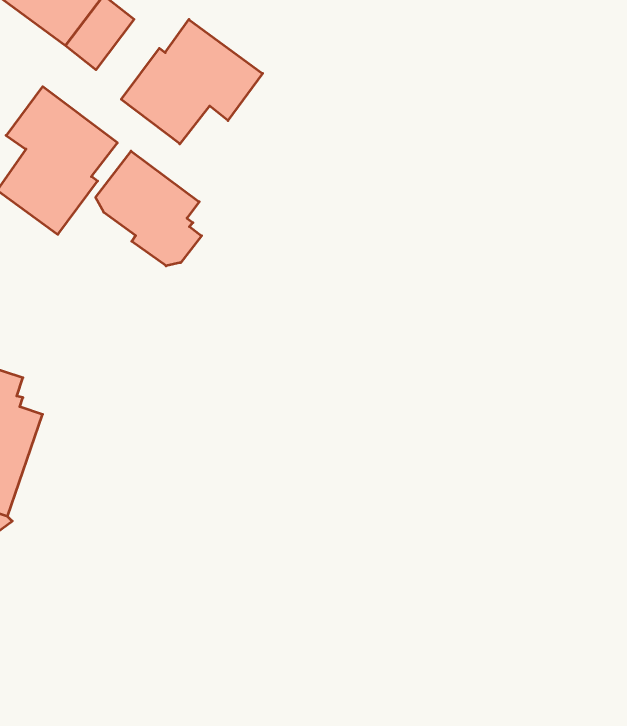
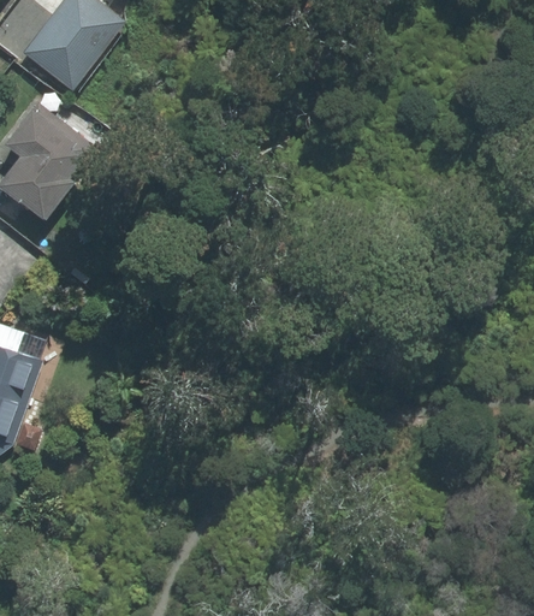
building: [121,19,263,144] -> none
building: [96,151,202,266] -> none

